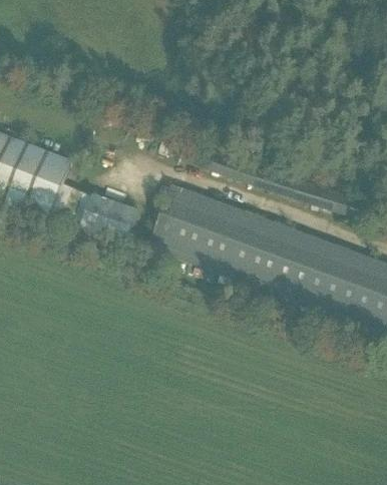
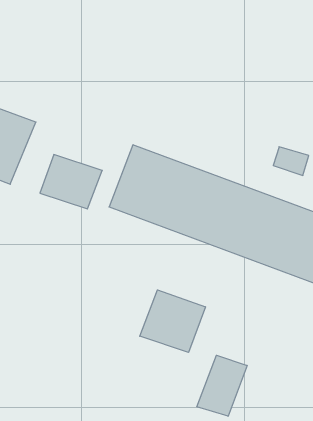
building: none -> [140,290,205,352]
building: none -> [197,355,247,416]

